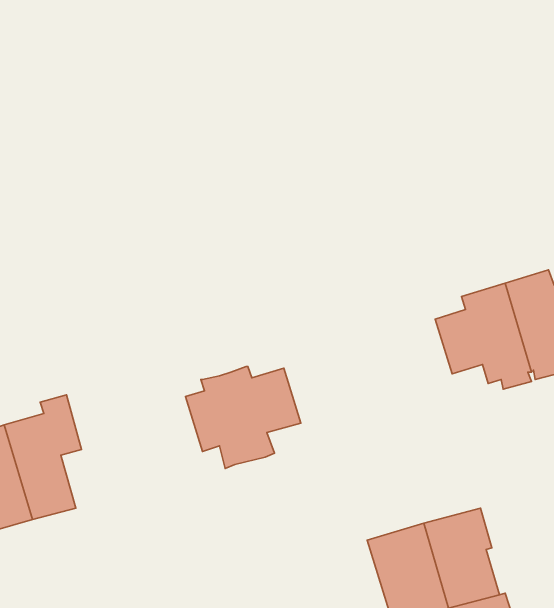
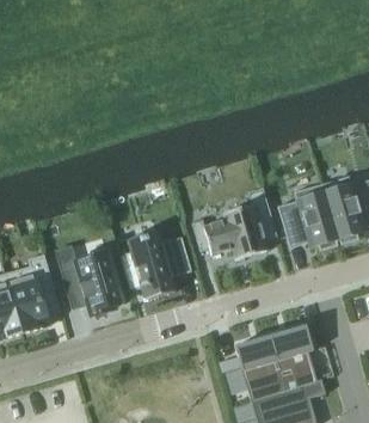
building: none -> [191,186,278,259]
building: none -> [55,245,124,315]

